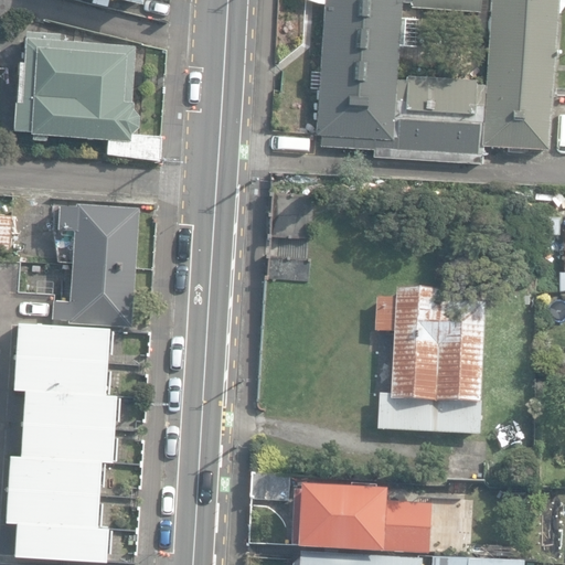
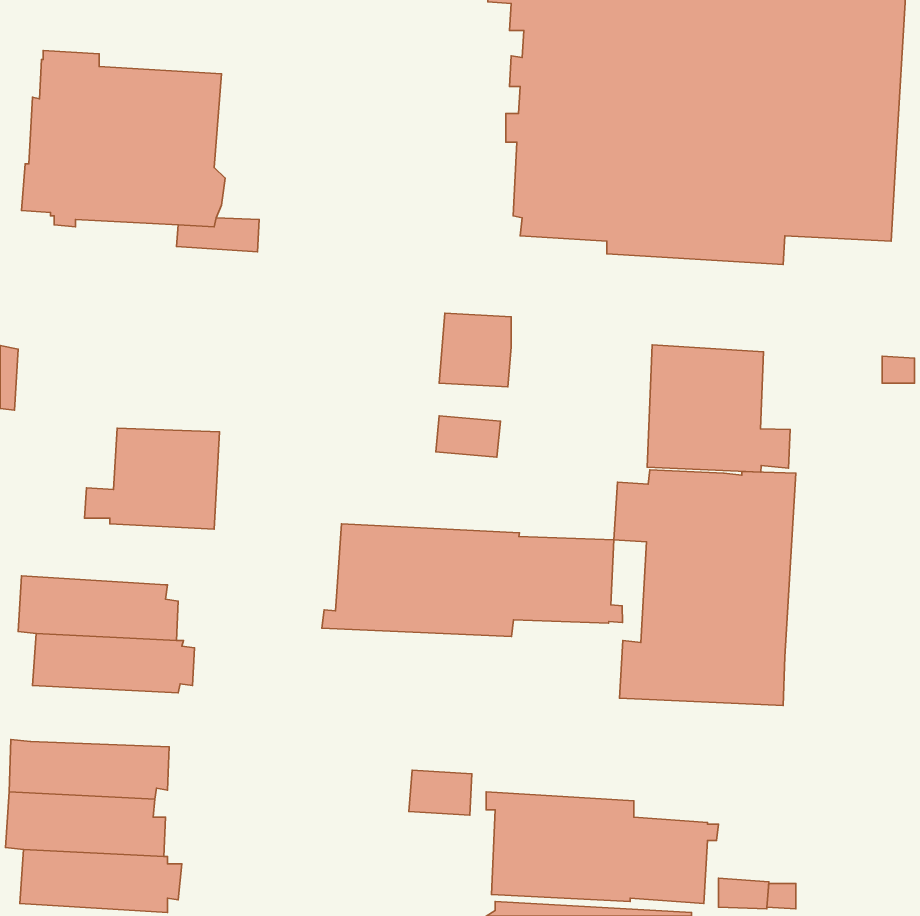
building: [47,203,138,265] -> none
building: none -> [647,345,790,472]
building: none -> [322,524,623,637]
building: [13,322,113,359] -> none
building: [19,420,117,459] -> none

